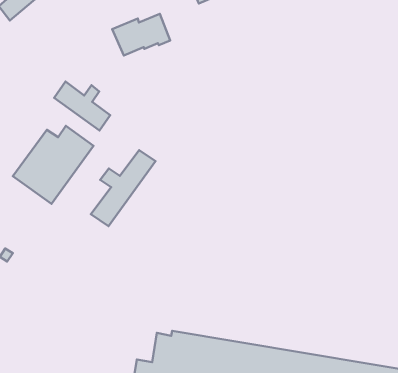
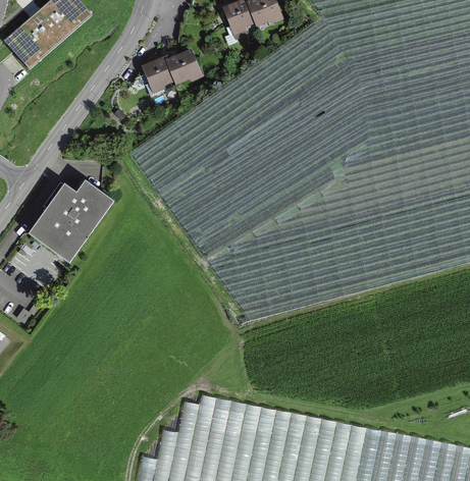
building: [54,81,110,131] -> none
building: [91,150,155,226] -> none

